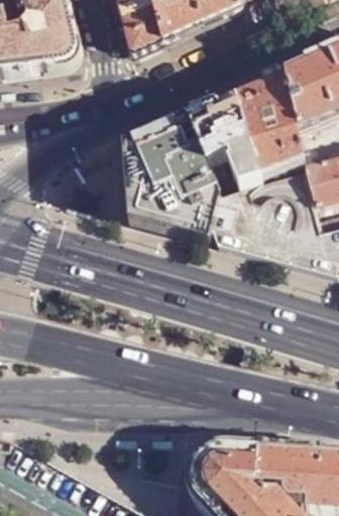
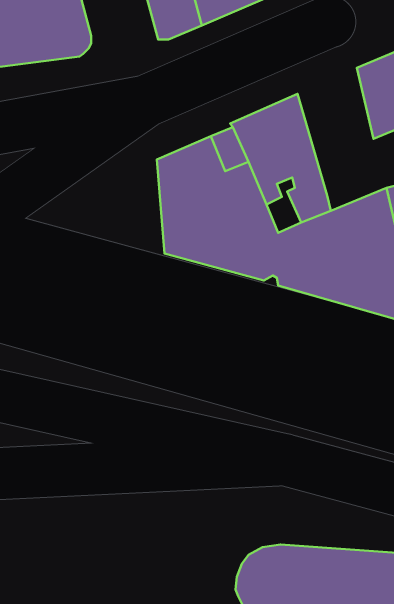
building: [238,71,305,170] -> none

